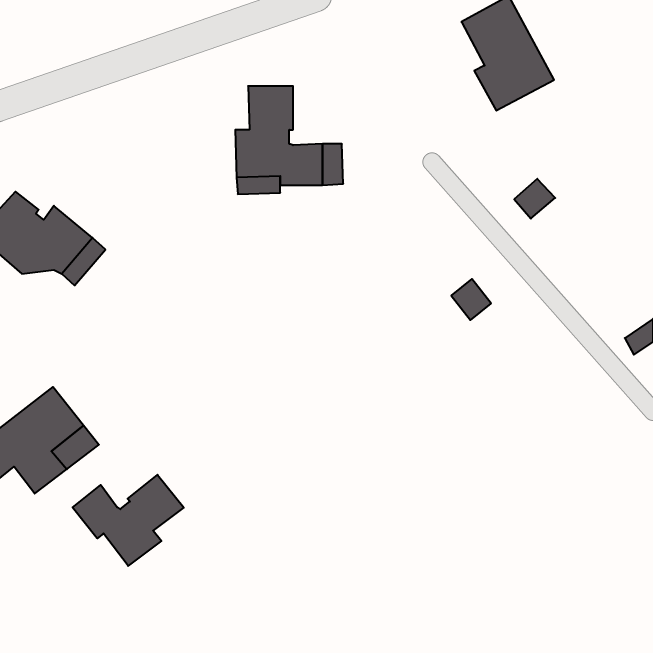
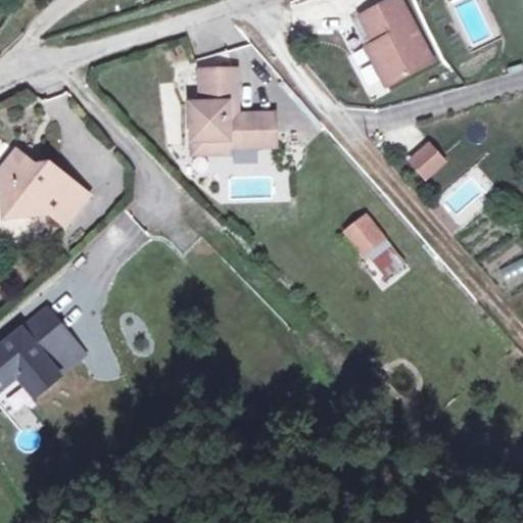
building: [73,475,184,566] -> none

